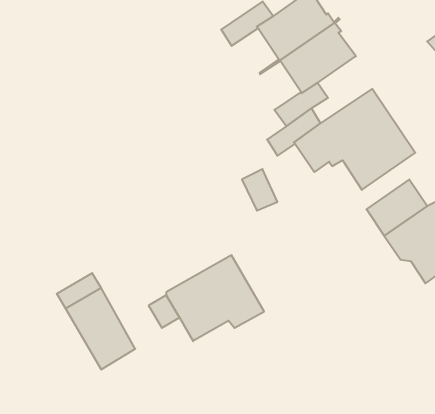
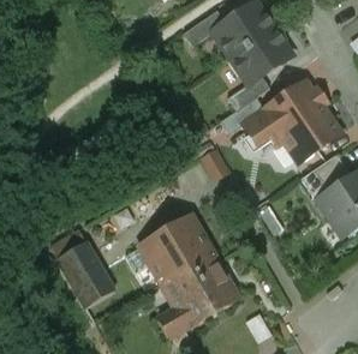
building: none -> [159,260,240,336]

